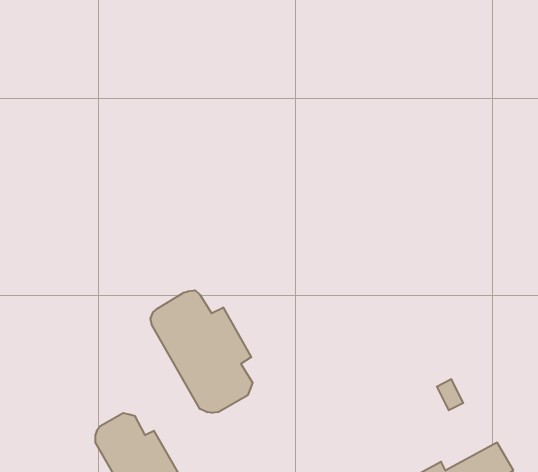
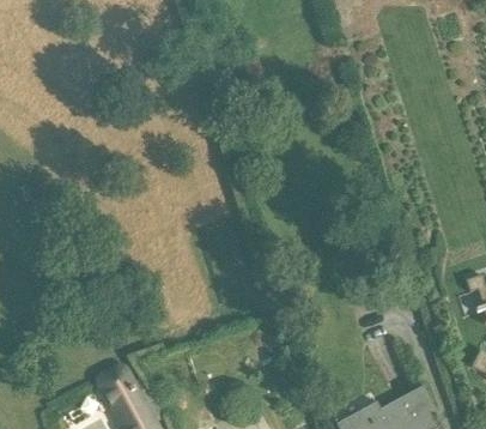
building: [150,290,253,413] -> none

